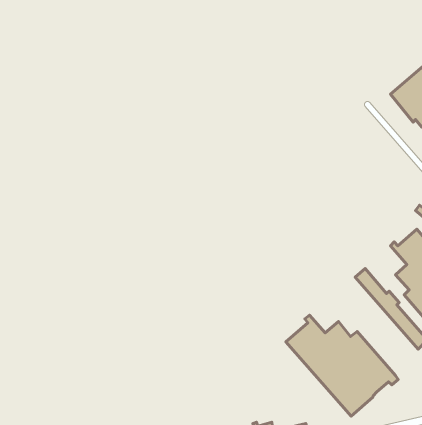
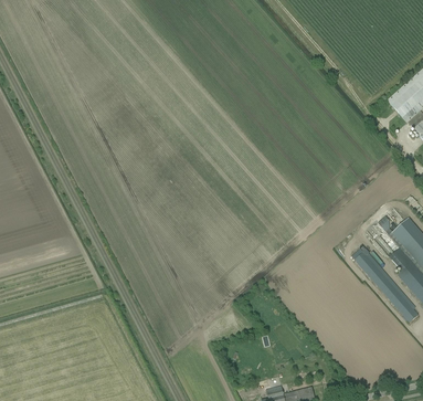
building: [286,315,398,416] -> none

